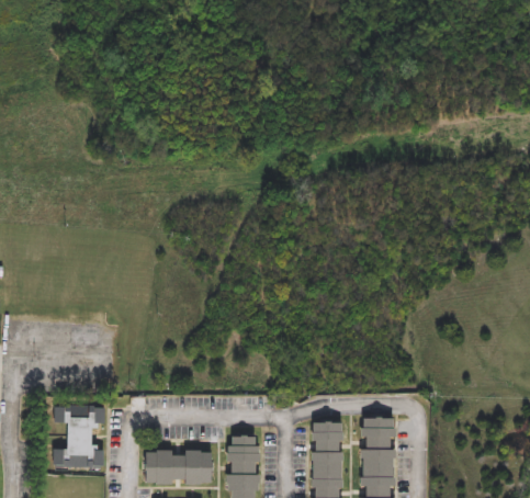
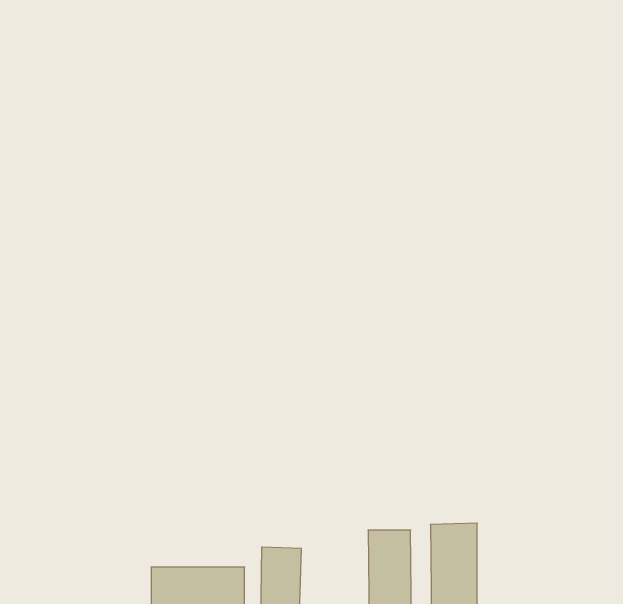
building: [52,405,102,468] -> none

